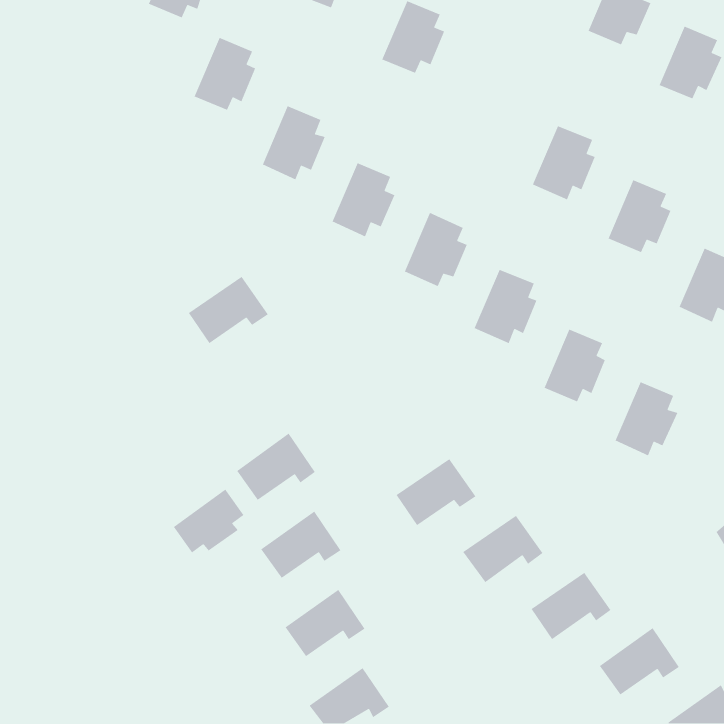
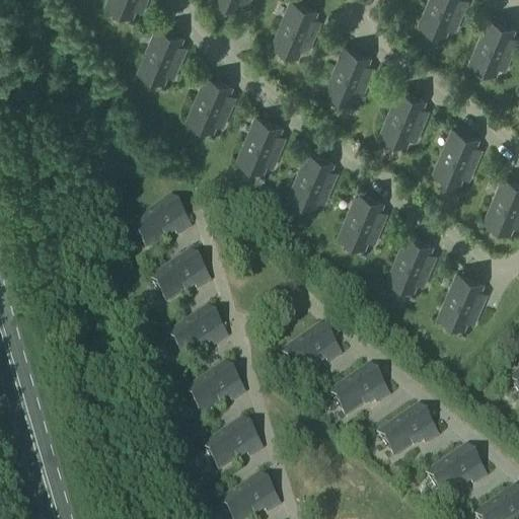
building: none -> [326,47,372,99]
building: none -> [153,252,211,301]
building: [173,489,244,554] -> none

